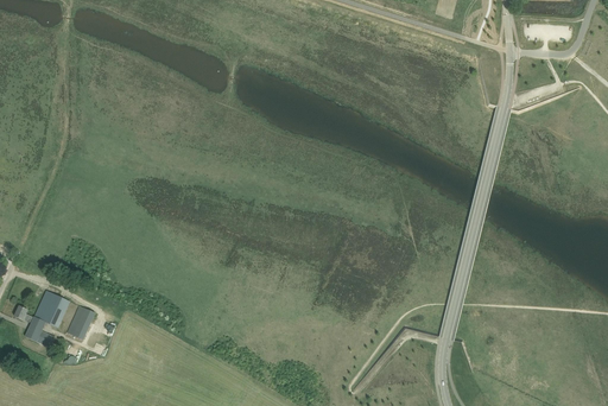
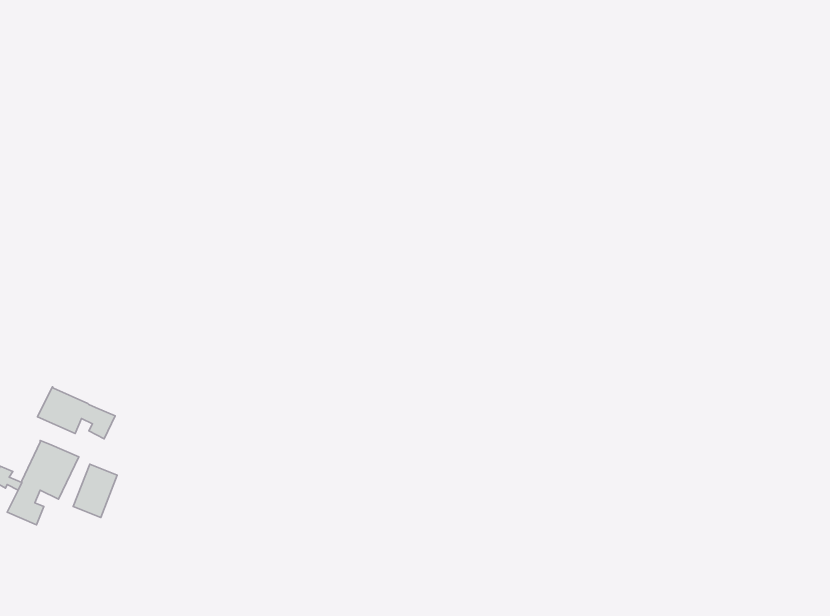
building: none -> [38,387,115,439]

